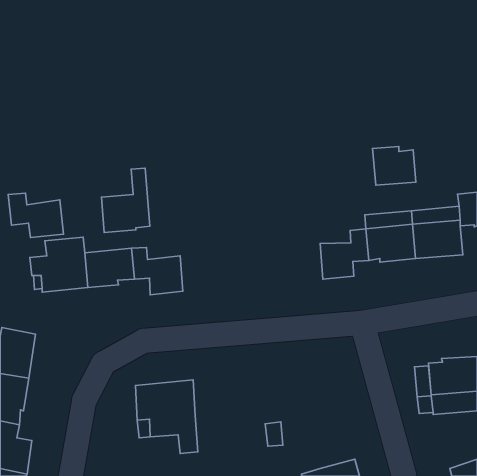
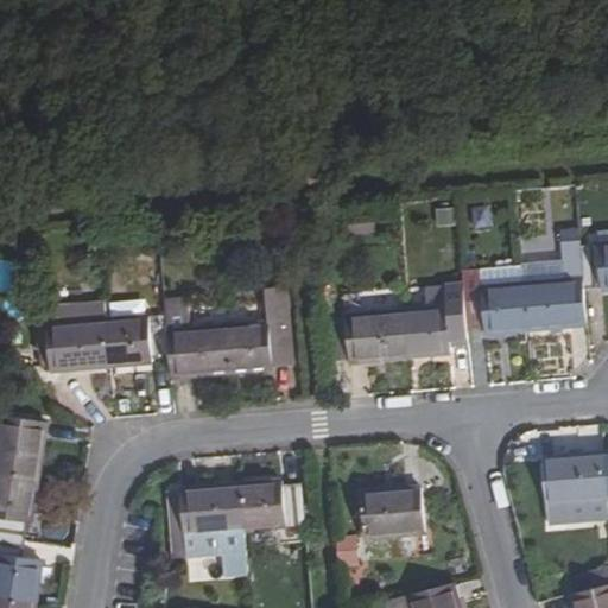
building: [372,146,416,185] -> none
building: [101,168,150,233] -> [229,289,291,370]
building: [8,193,64,237] -> none
building: none -> [348,310,411,361]
building: none -> [246,481,304,528]
building: none -> [361,487,423,537]

